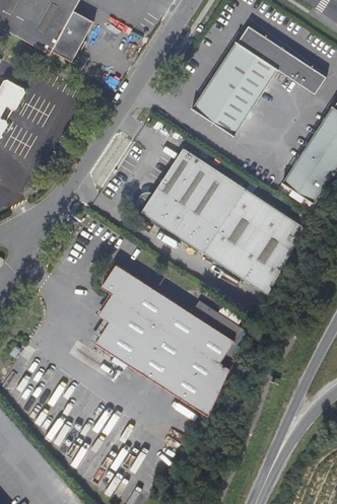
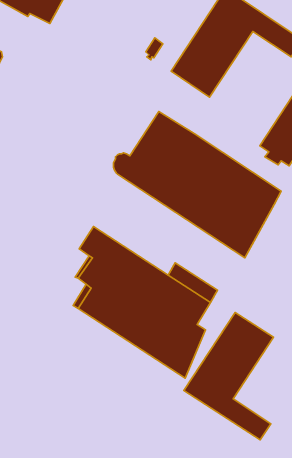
building: none -> [184,313,274,440]

